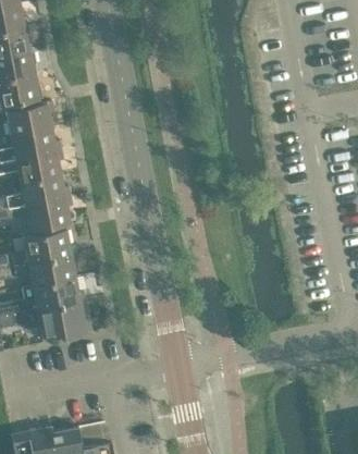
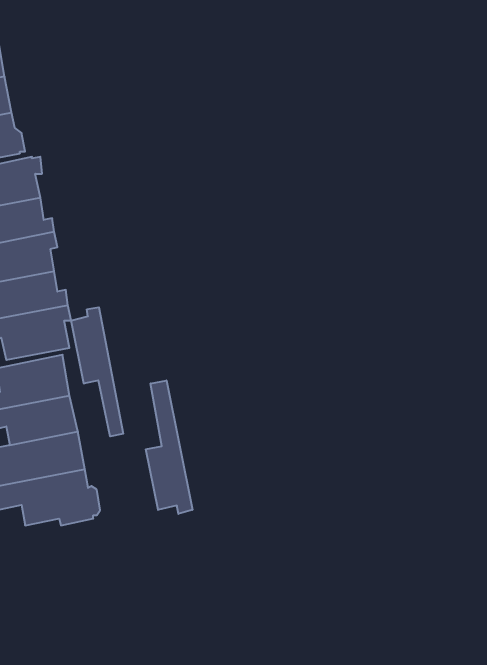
building: none -> [71,307,123,436]
building: none -> [146,380,192,514]

